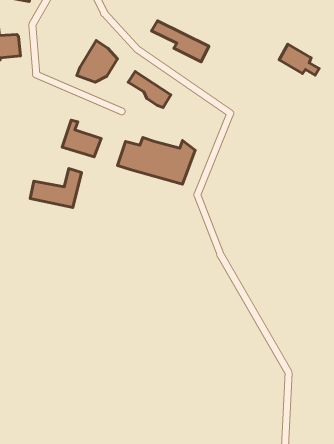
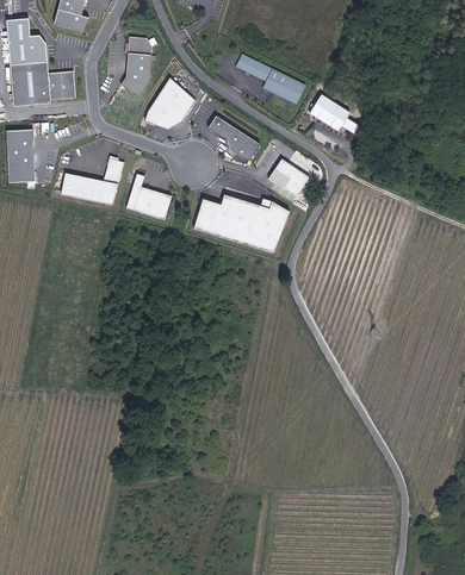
building: none -> [120,36,151,95]
building: [279,44,319,75] -> [310,94,359,132]
building: none -> [268,157,309,195]
building: [30,169,81,207] -> [61,157,124,205]

